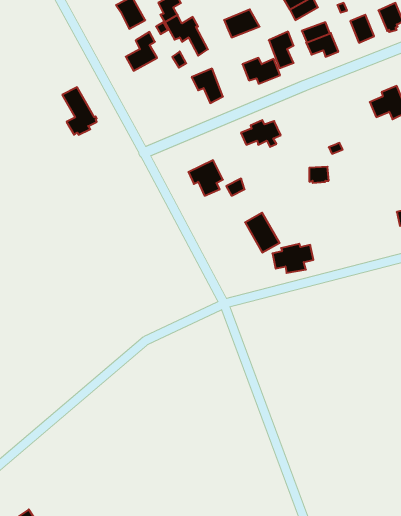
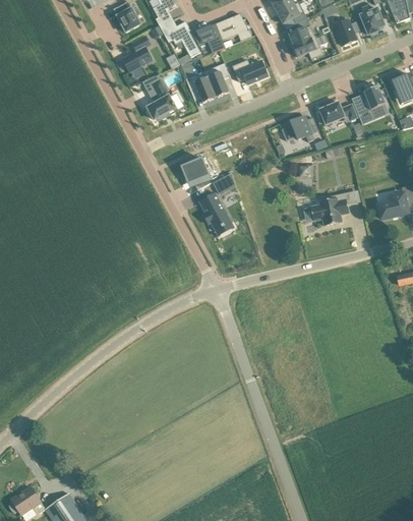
building: none -> [192,23,225,52]
building: [269,32,294,68] -> [203,61,227,96]
building: [62,87,97,135] -> [142,74,175,119]
building: none -> [319,102,357,124]
building: [241,120,281,147] -> [281,116,318,141]
building: [245,213,280,253] -> [198,192,231,230]
building: [272,244,313,273] -> [310,197,349,225]

